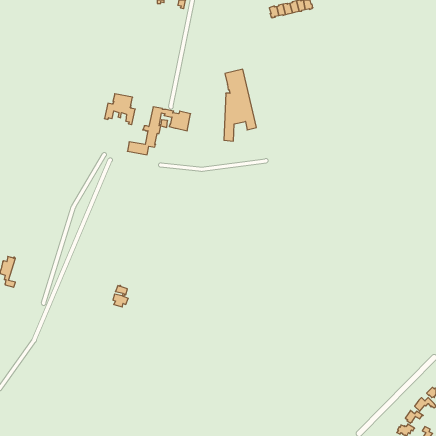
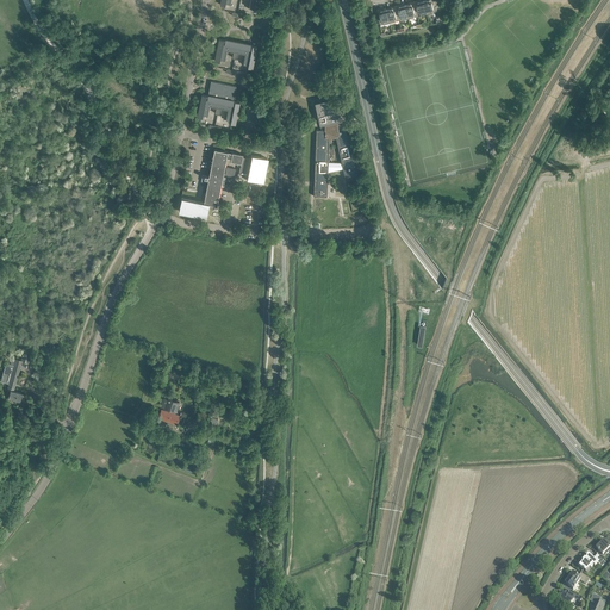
building: none -> [213,41,255,69]
building: [104,94,135,125] -> [195,82,238,125]

